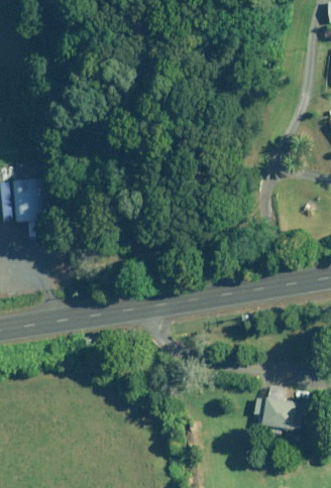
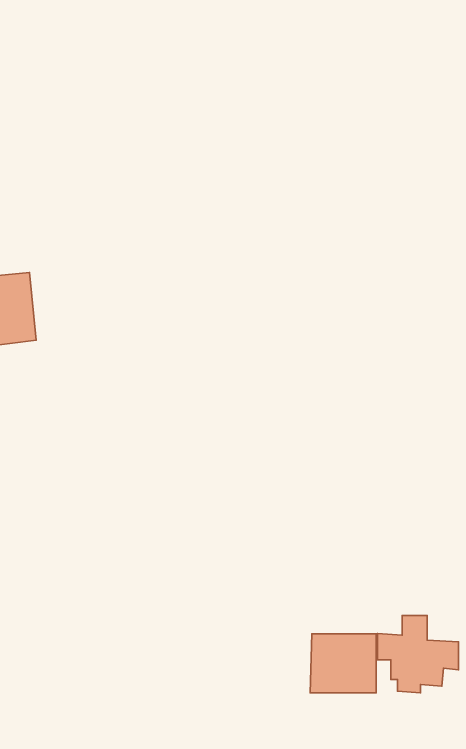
building: none -> [310,634,376,693]

